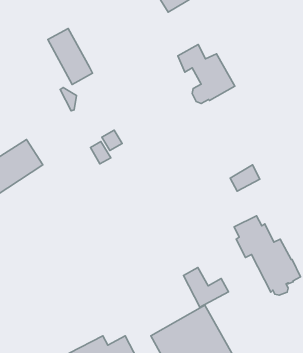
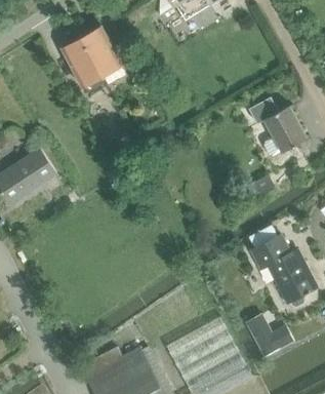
building: none -> [83,27,123,76]
building: [178,45,235,104] -> [250,96,308,156]
building: [184,267,228,307] -> [248,315,293,355]

